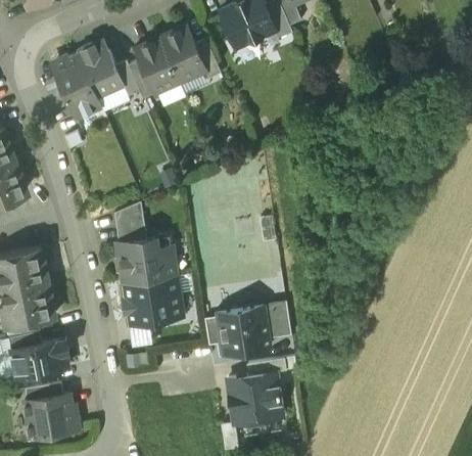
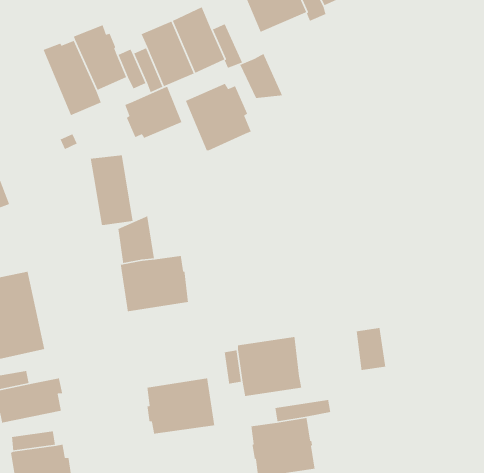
building: none -> [239,53,283,99]
building: none -> [185,83,252,151]
building: none -> [124,86,182,139]
building: none -> [90,154,134,226]
building: [123,276,181,324] -> [146,378,215,434]
building: [265,302,290,338] -> [356,327,386,371]

